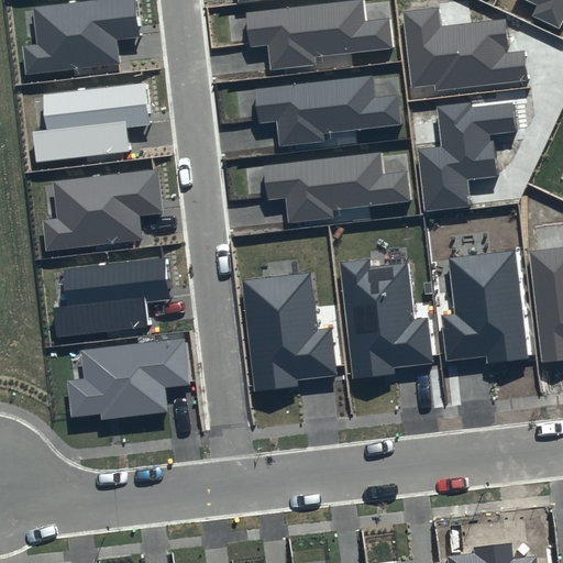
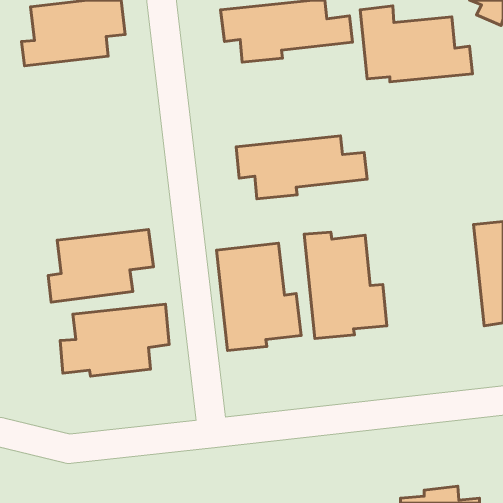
building: [255,76,401,147] -> none
building: [33,82,150,163] -> none
building: [417,103,516,212] -> none
building: [42,169,163,252] -> none
building: [441,250,528,363] -> none

